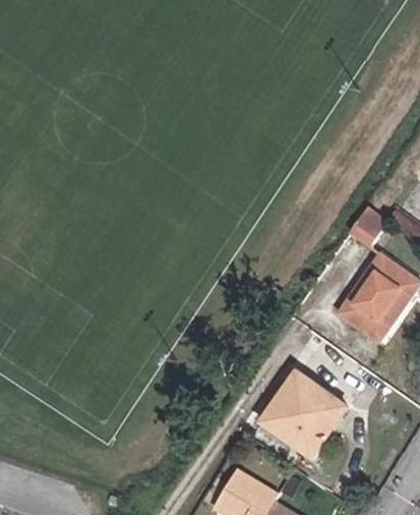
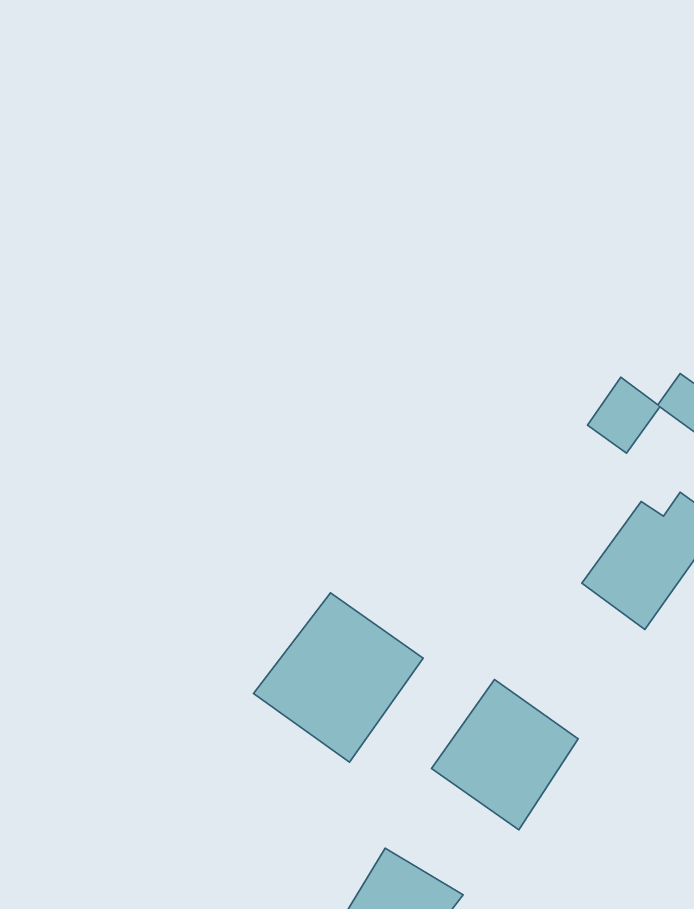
building: [338,257,399,321] -> none
building: none -> [253,593,423,762]

